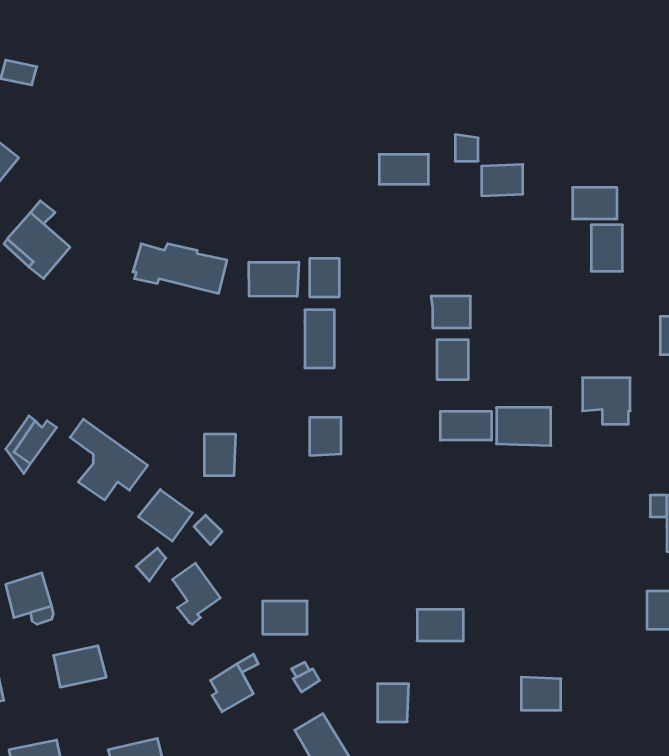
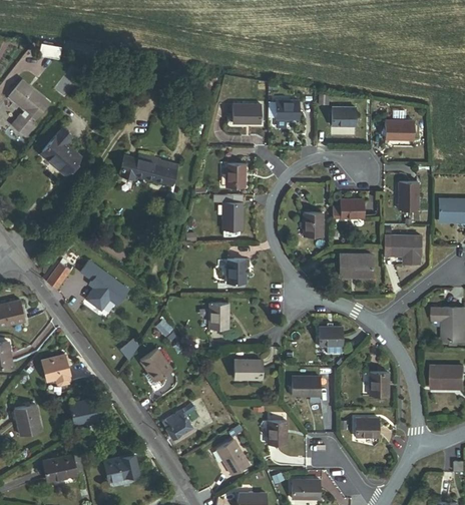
building: none -> [233,104,261,122]
building: [591,225,623,271] -> [399,181,418,209]
building: [249,262,299,296] -> none
building: [431,296,471,328] -> [340,198,364,217]
building: [440,411,491,440] -> none
building: [204,434,236,476] -> [209,303,228,328]
building: [138,489,193,541] -> none
building: none -> [319,326,343,346]
building: [263,601,307,634] -> [235,359,262,379]
building: none -> [370,372,388,396]

